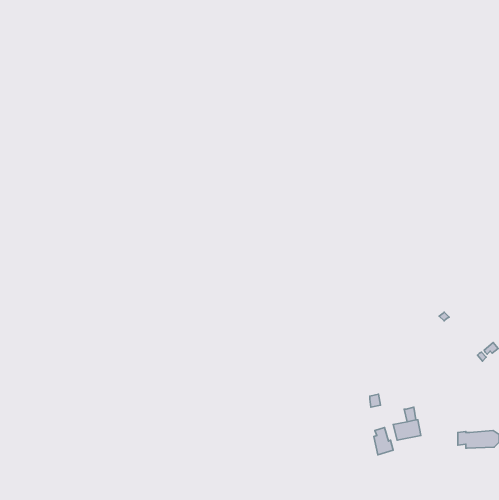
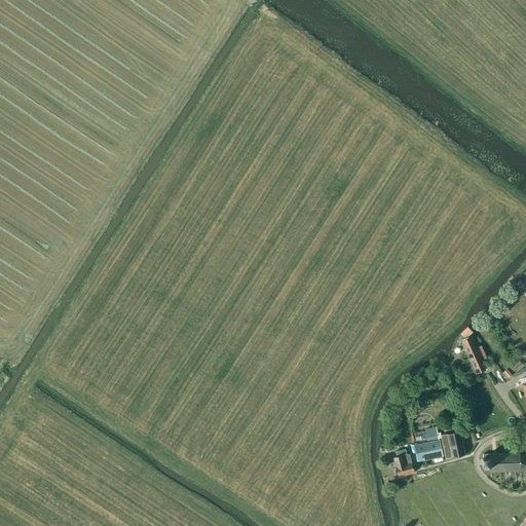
building: none -> [461,338,485,374]
building: none -> [440,431,463,459]

